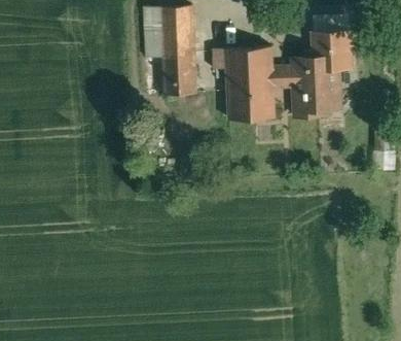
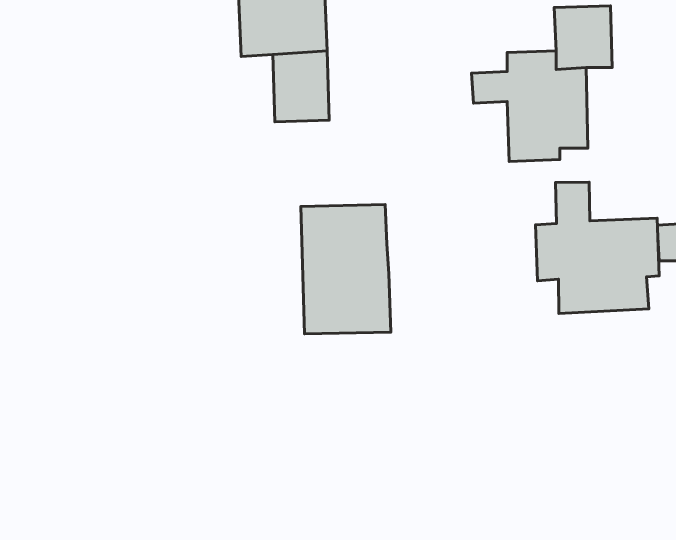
building: [225,46,275,117] -> [301,205,391,334]
building: none -> [536,182,659,314]

